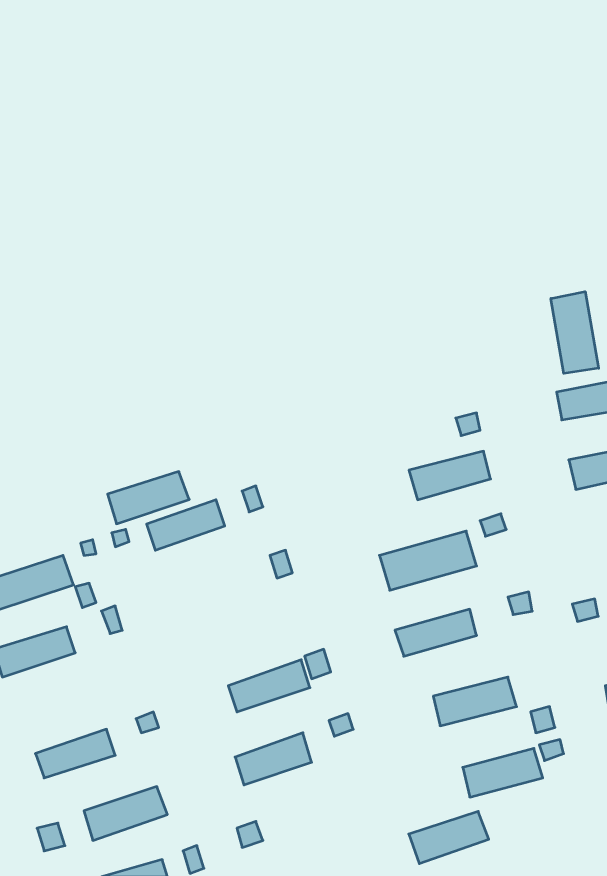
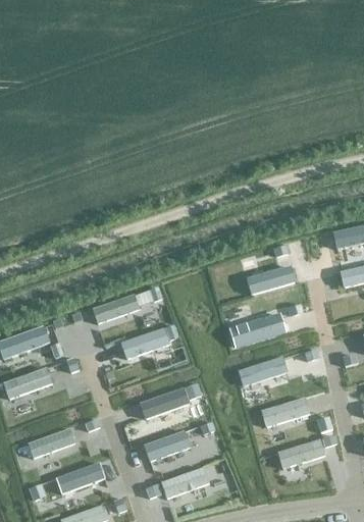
building: [551,292,599,373] -> none
building: [108,472,189,524] -> [121,328,169,359]
building: [409,811,489,864] -> [162,468,209,499]

